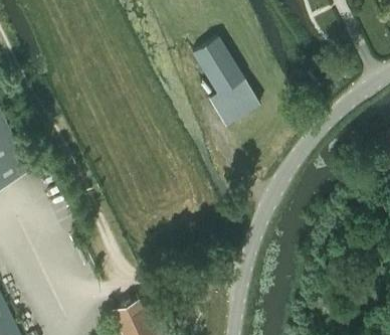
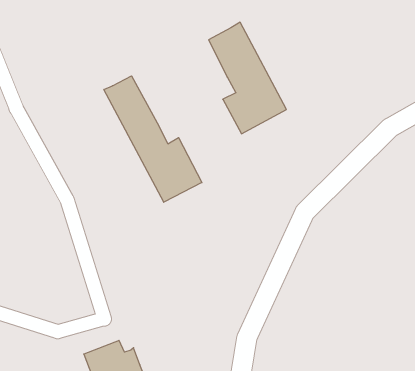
building: none -> [104,76,202,202]

